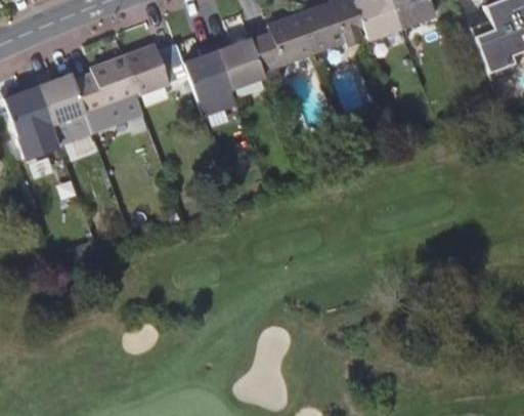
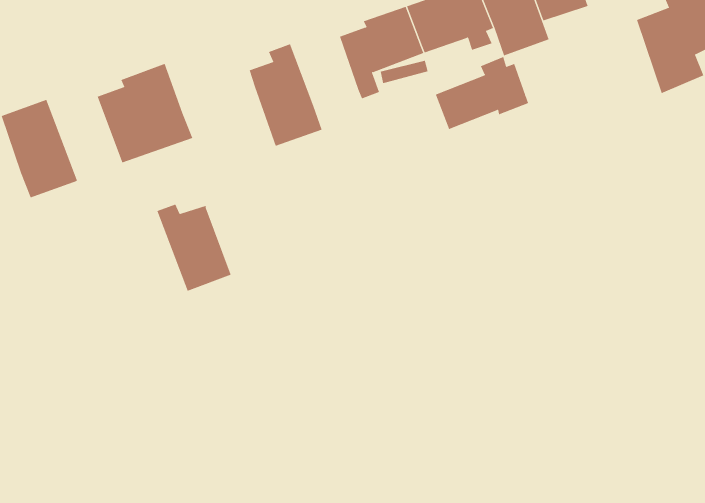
building: [217,37,266,88] -> none
building: [125,43,190,93] -> none
building: none -> [435,56,529,130]
building: [38,78,93,142] -> [156,204,232,291]

